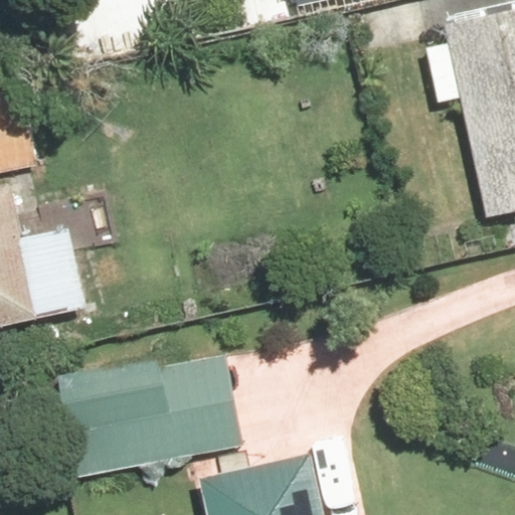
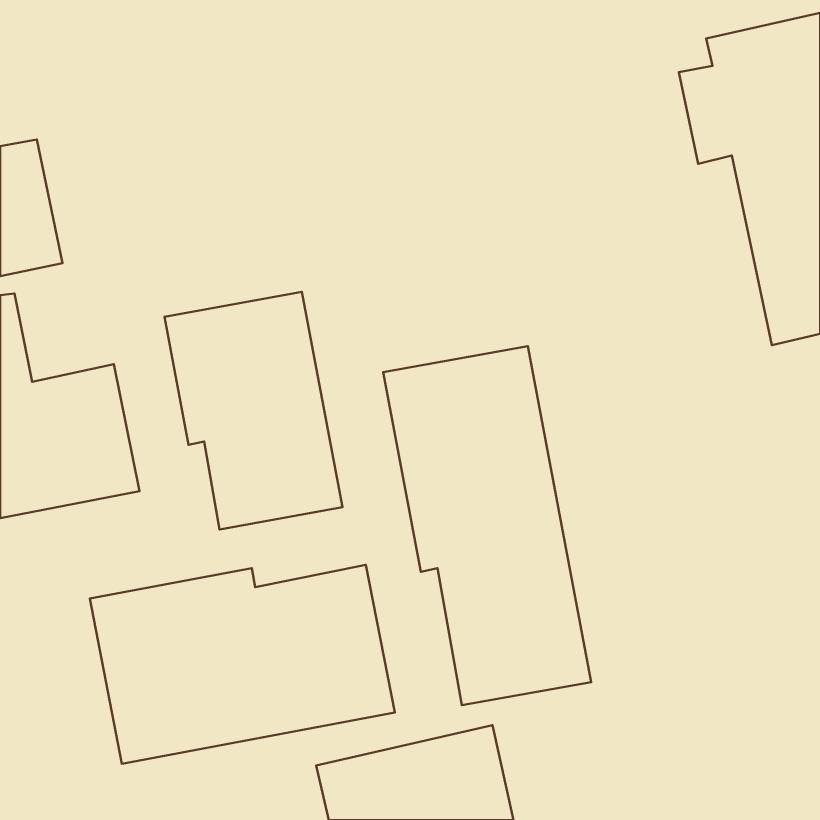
building: none -> [164,292,342,530]
building: none -> [383,346,591,705]

